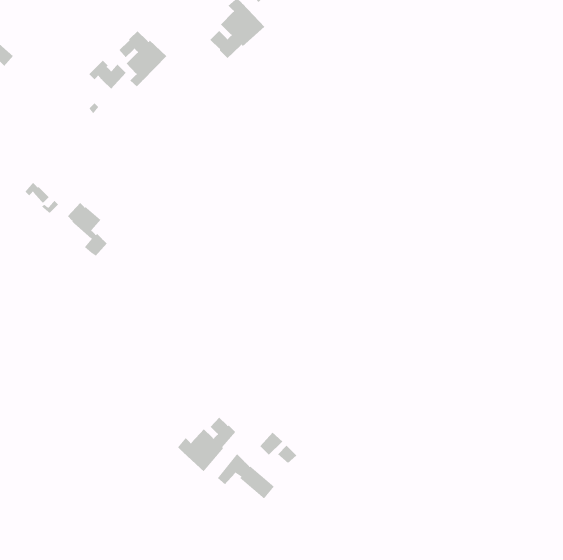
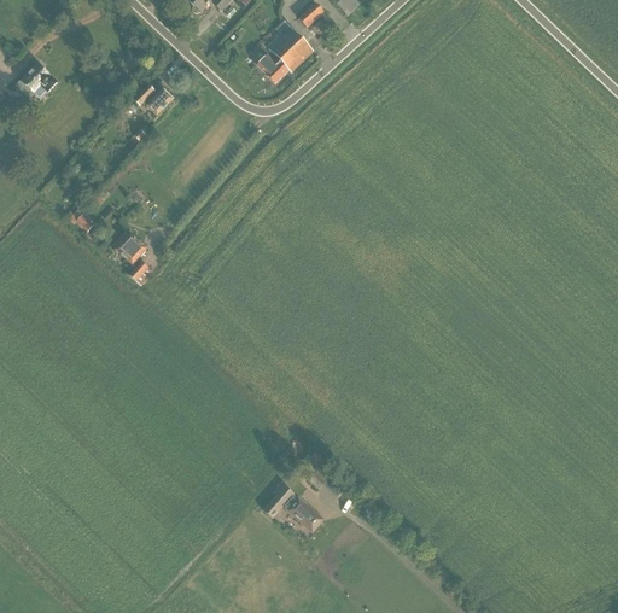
building: [118,31,167,87] -> none
building: [177,417,236,472] -> none

